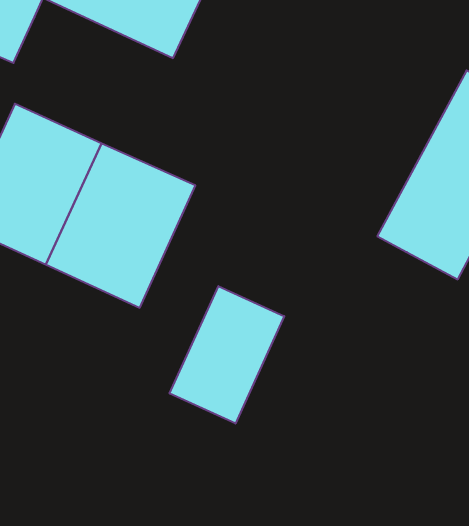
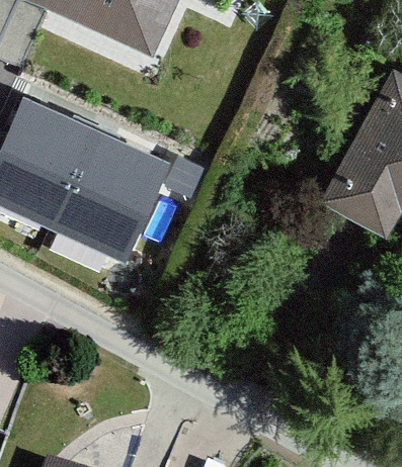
building: [170,286,284,424] -> none

